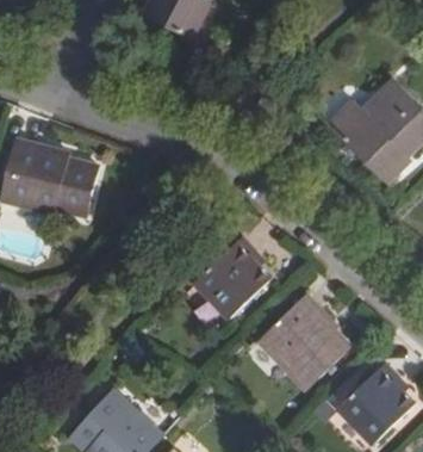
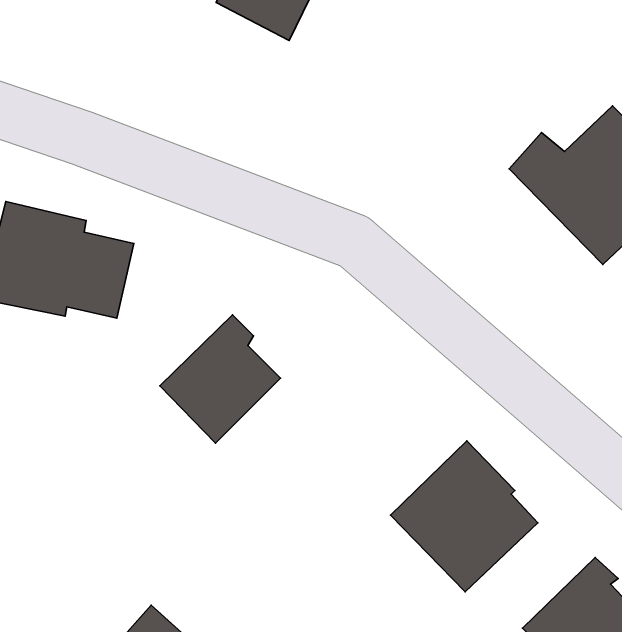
building: [192,233,267,312] -> [160,315,280,443]

